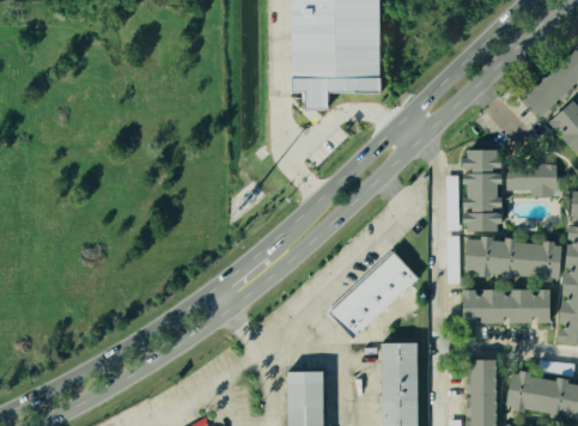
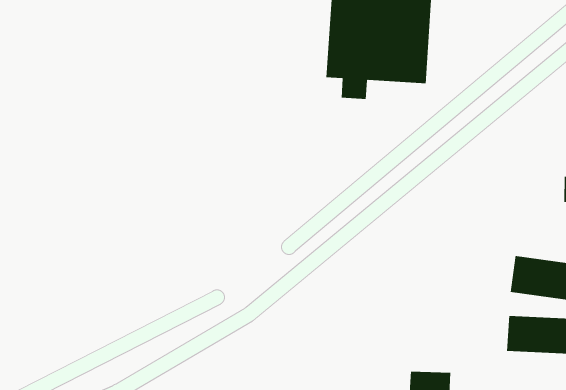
building: [467,151,498,231] -> none
building: [328,252,418,340] -> none

